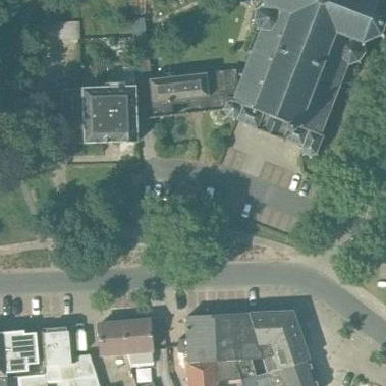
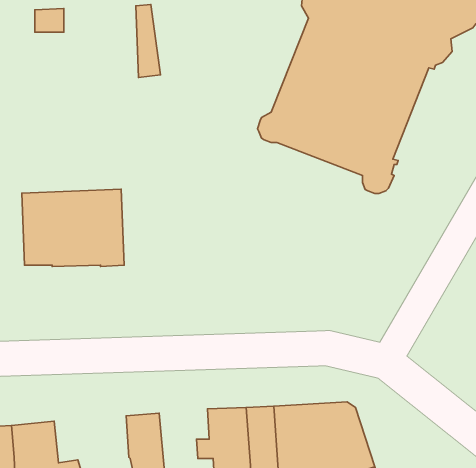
building: [146,69,236,117] -> none
building: [62,86,137,143] -> [22,189,124,266]
building: [98,322,127,354] -> none

